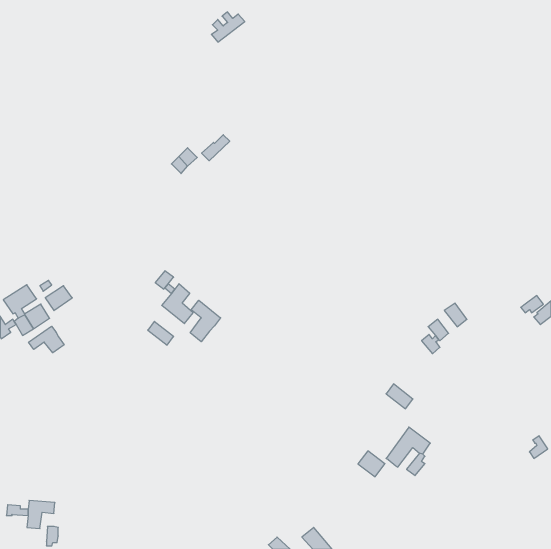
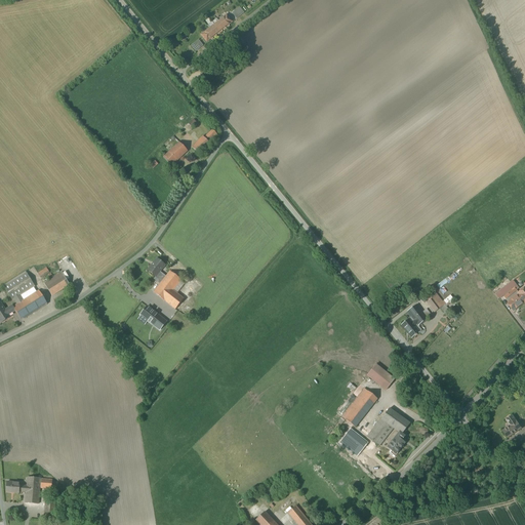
building: [190,300,221,342] -> none
building: [29,326,64,353] -> none
building: none -> [341,387,377,426]

